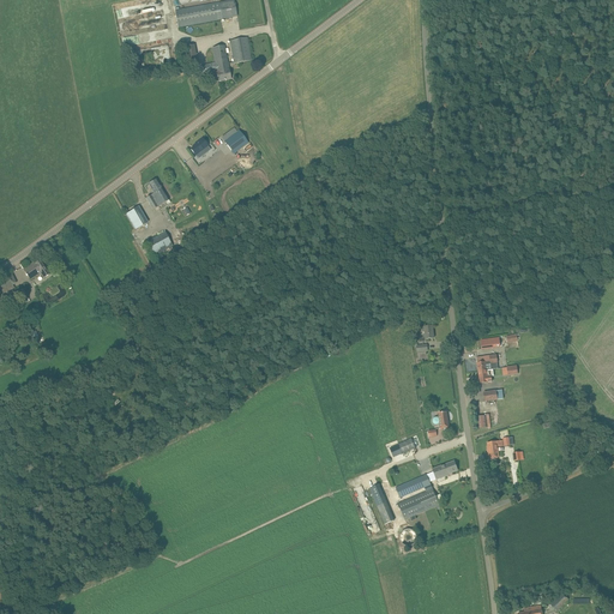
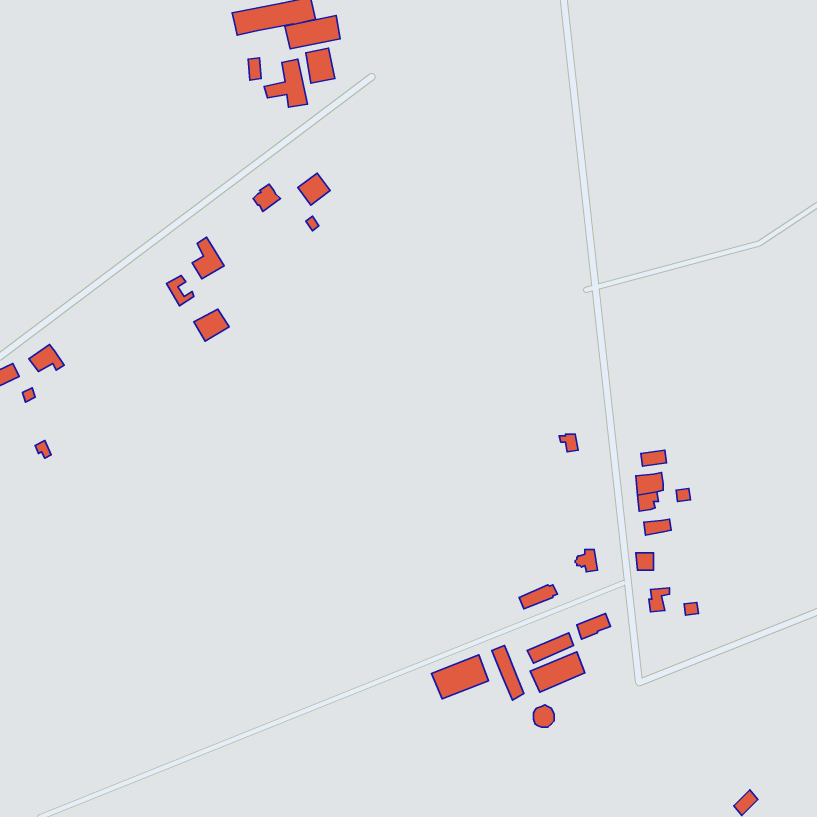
building: none -> [285,15,340,49]
building: none -> [432,655,488,699]

